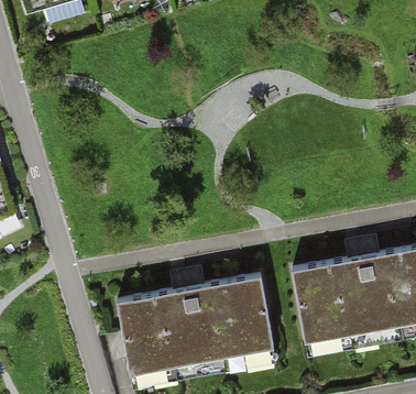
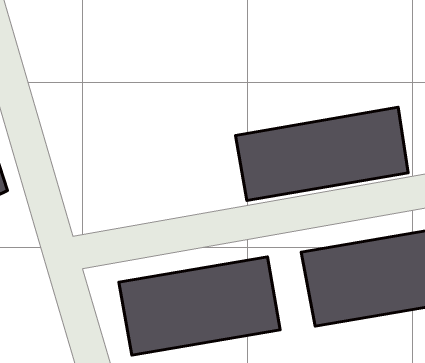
building: none -> [235,107,408,200]

